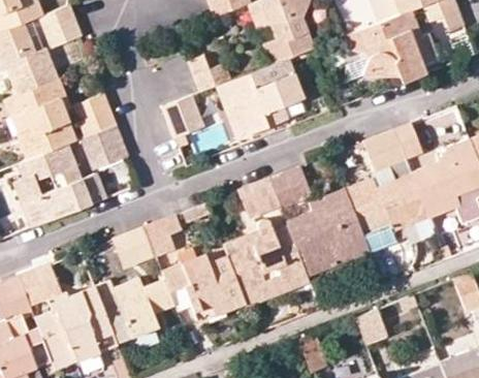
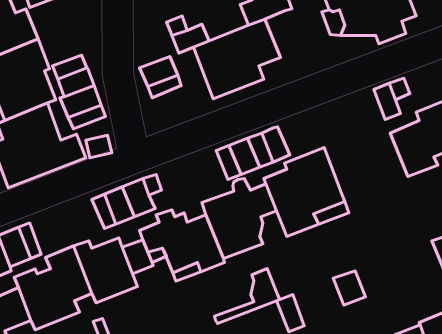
building: [366,129,407,169] -> none
building: [346,172,429,232] -> none
building: [246,250,311,305] -> [214,269,280,323]

